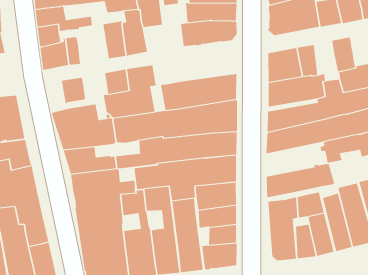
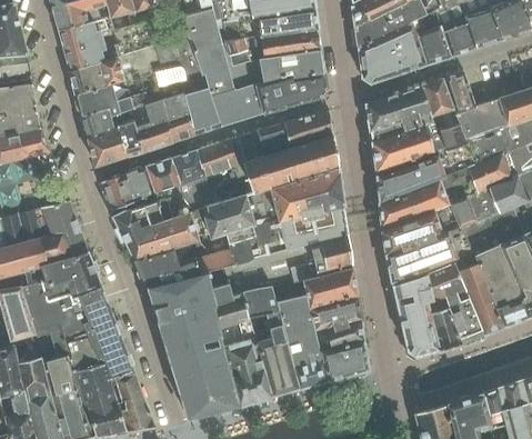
building: none -> [211,84,263,126]
building: none -> [135,100,174,152]
building: none -> [422,79,459,129]
building: none -> [238,110,333,162]
building: none -> [147,159,180,193]
building: none -> [101,176,130,211]
building: none -> [383,213,443,256]

